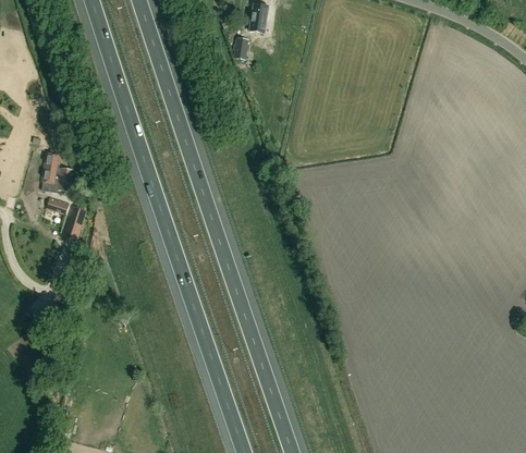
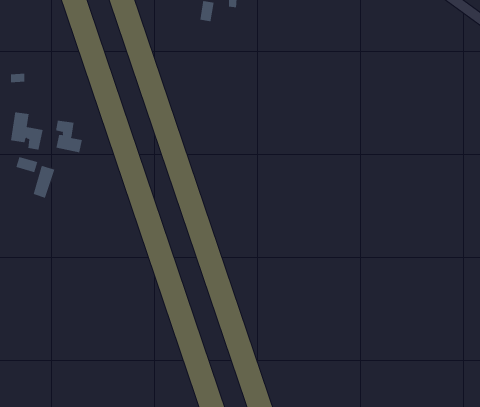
building: none -> [55,120,82,153]

